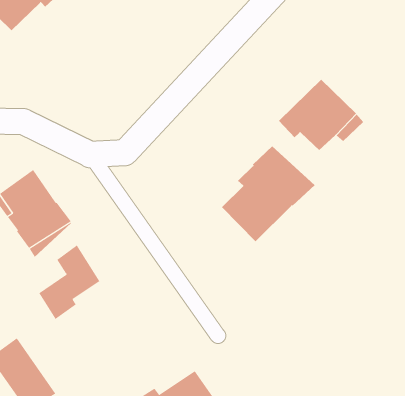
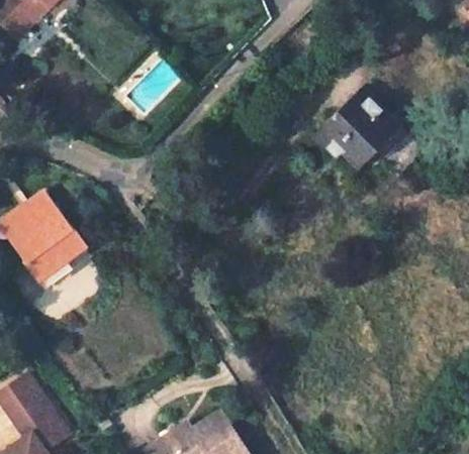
building: [221,145,316,242] -> none
building: [39,245,100,320] -> none

